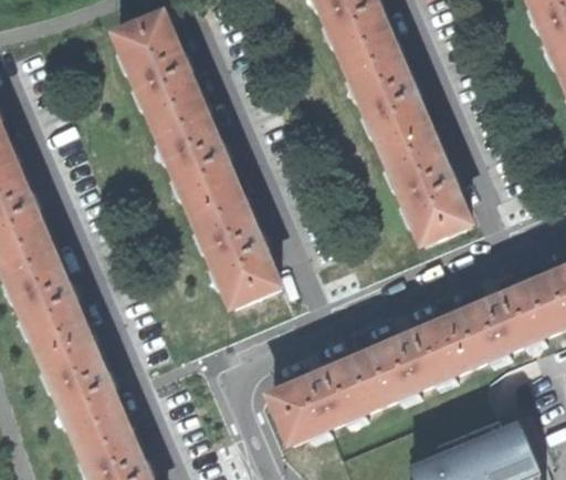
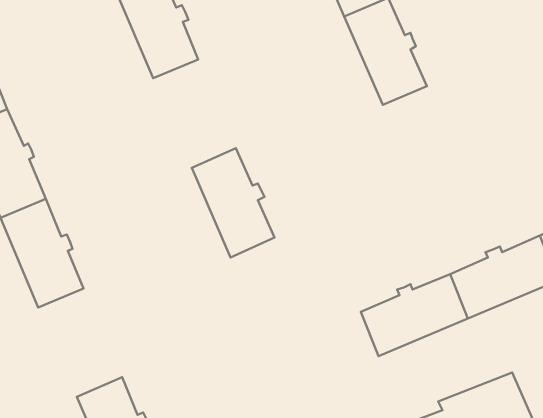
building: [155,106,238,215] -> none
building: [385,133,468,241] -> none
building: [40,335,124,444] -> none
building: [272,358,380,441] -> none

